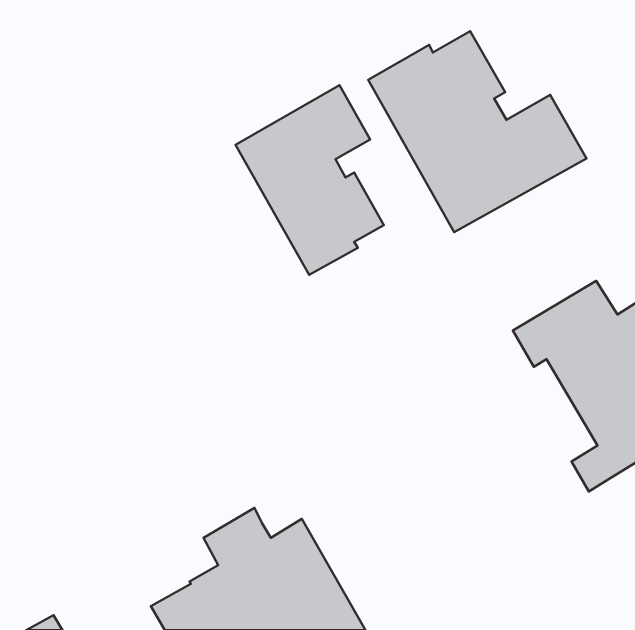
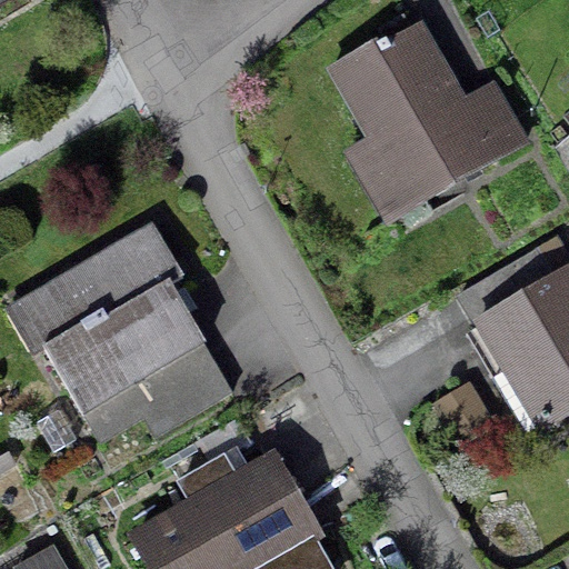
building: [236,85,384,275] -> none
building: none -> [34,223,231,441]

